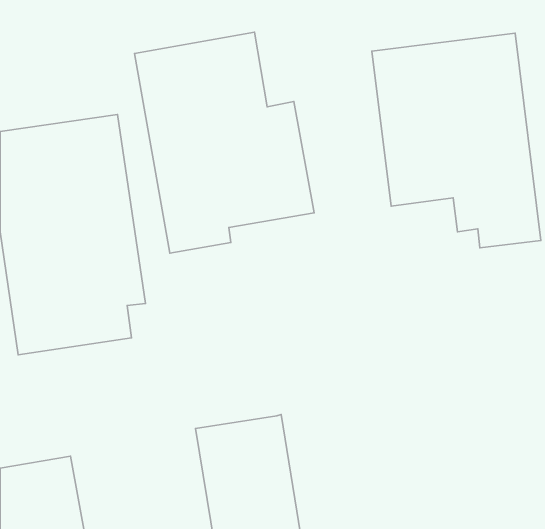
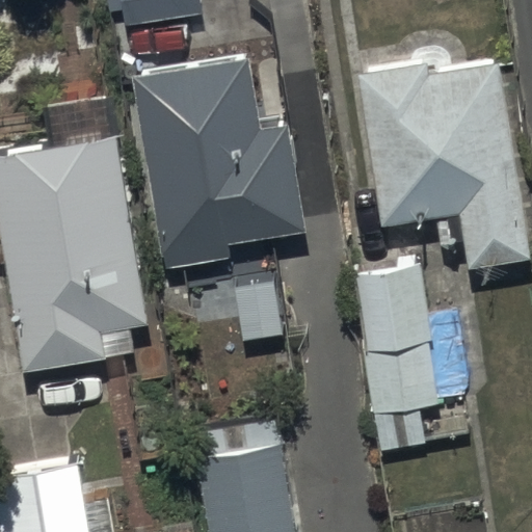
building: none -> [355,264,431,447]

